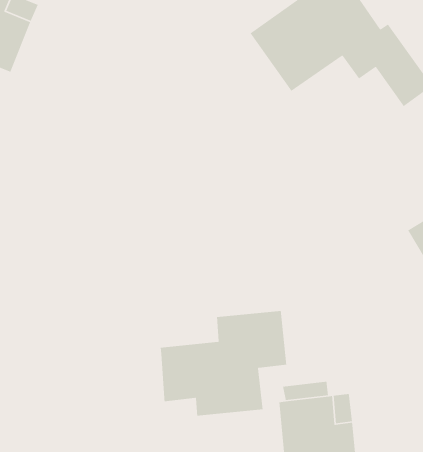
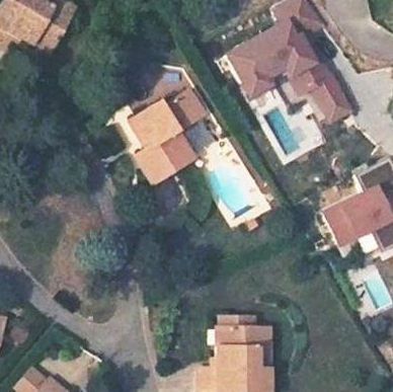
building: none -> [124,90,199,183]
building: [160,310,287,416] -> none

